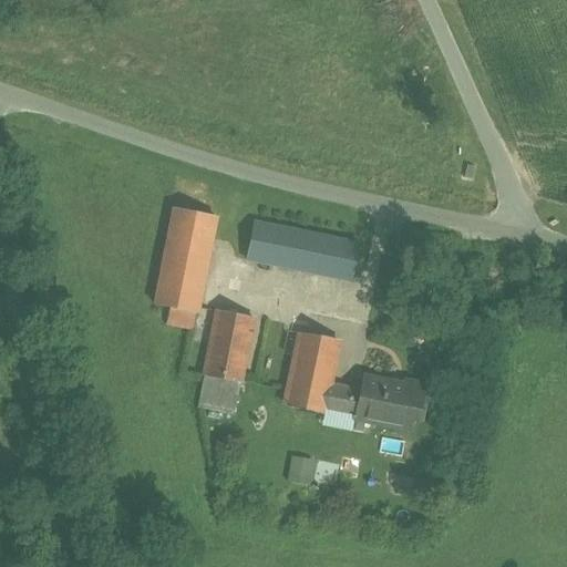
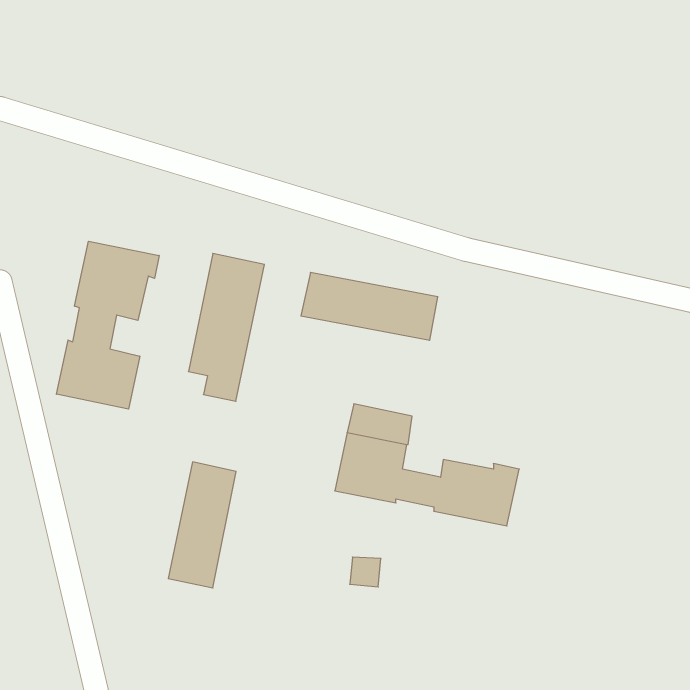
building: none -> [56,241,159,409]
building: [199,309,255,412] -> [168,462,236,588]

